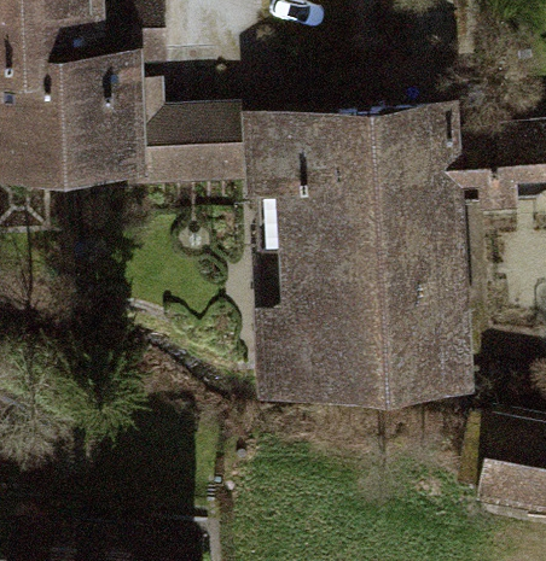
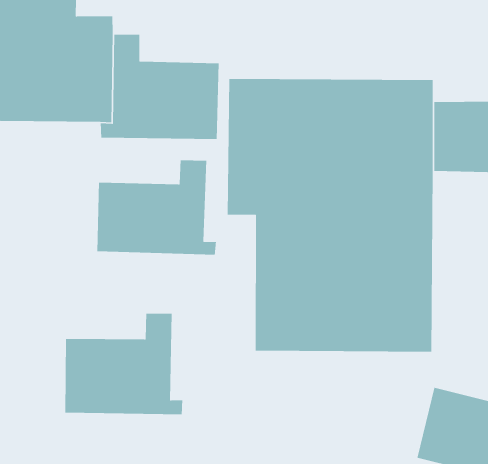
building: none -> [97,159,217,256]
building: none -> [65,313,183,415]

